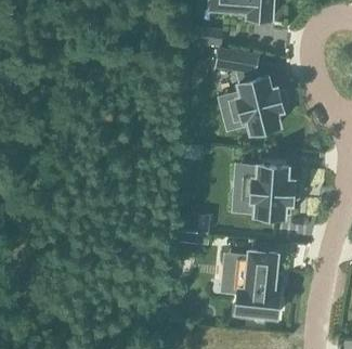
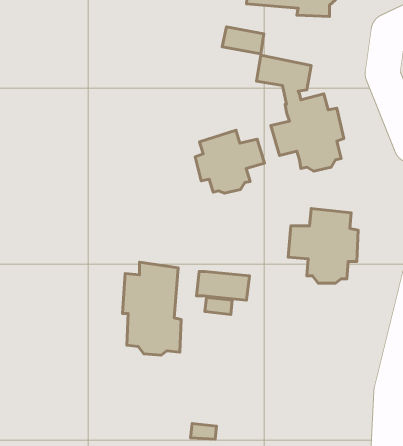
building: none -> [195,130,265,193]
building: [234,246,278,316] -> [122,262,181,355]

